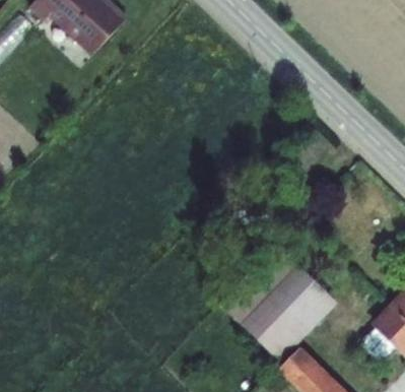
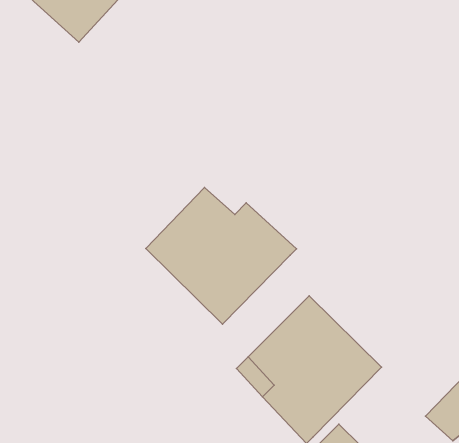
building: none -> [146,188,296,324]

